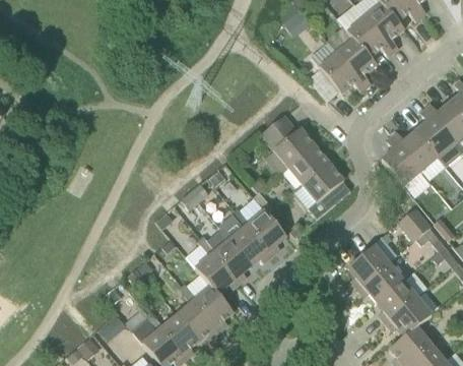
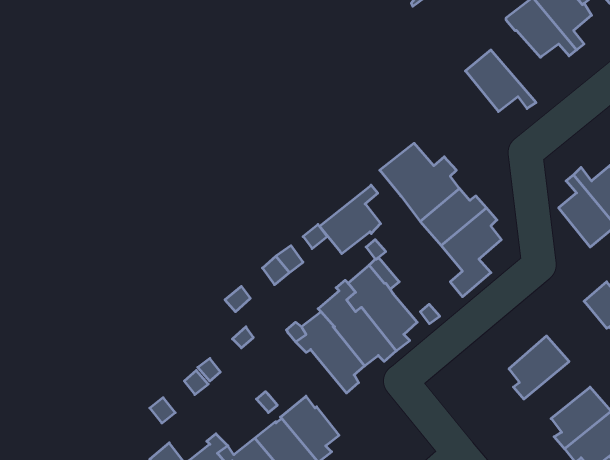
building: [336,26,377,87] -> none
building: none -> [320,185,381,254]
building: [193,253,239,294] -> none
building: [358,262,403,301] -> none

